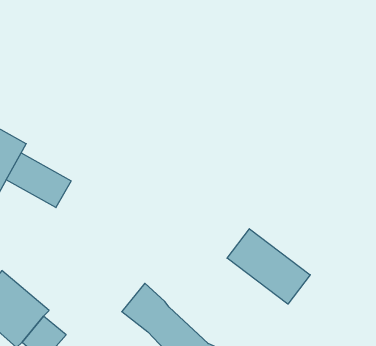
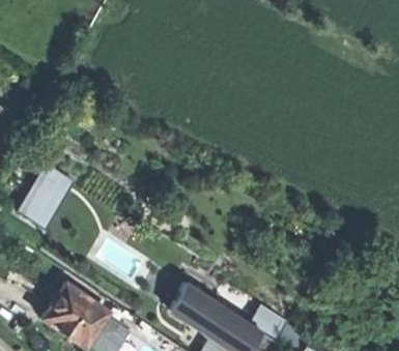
building: [6,153,71,208] -> none
building: [227,229,310,304] -> none

